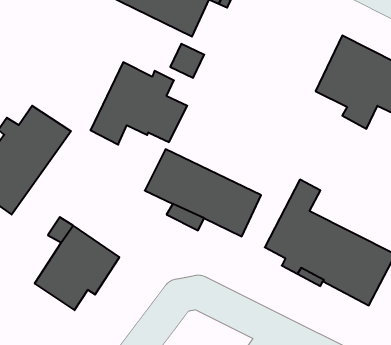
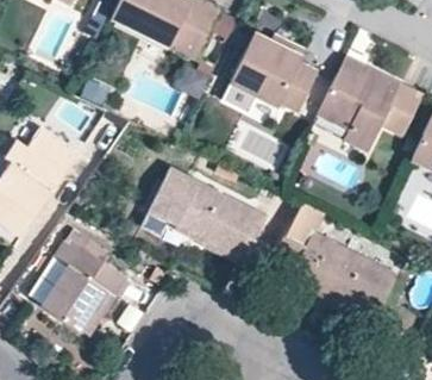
building: [90,62,187,145] -> [225,33,320,114]

